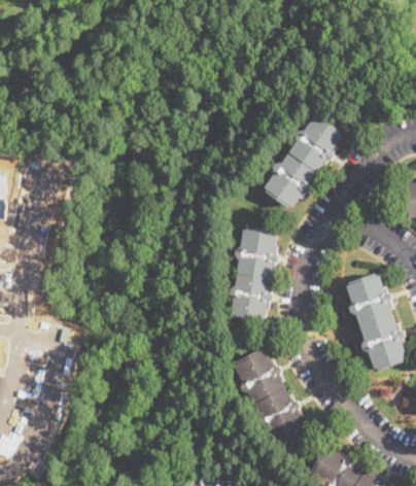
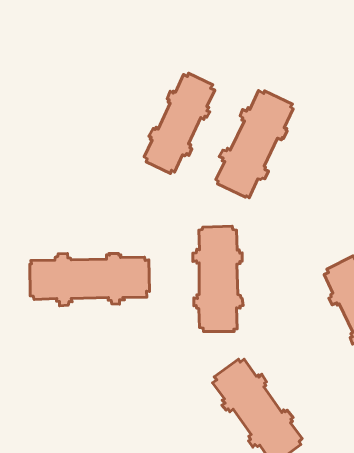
building: none -> [144,73,215,173]
building: none -> [30,253,149,306]

